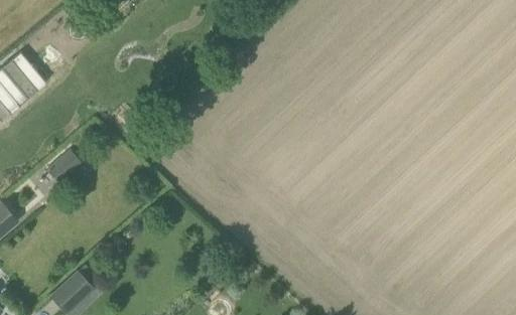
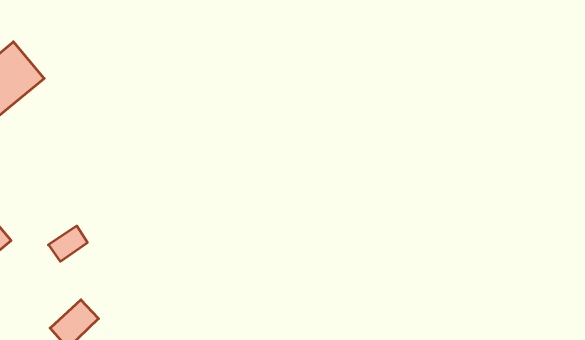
building: [48,151,82,181] -> [48,226,87,261]

